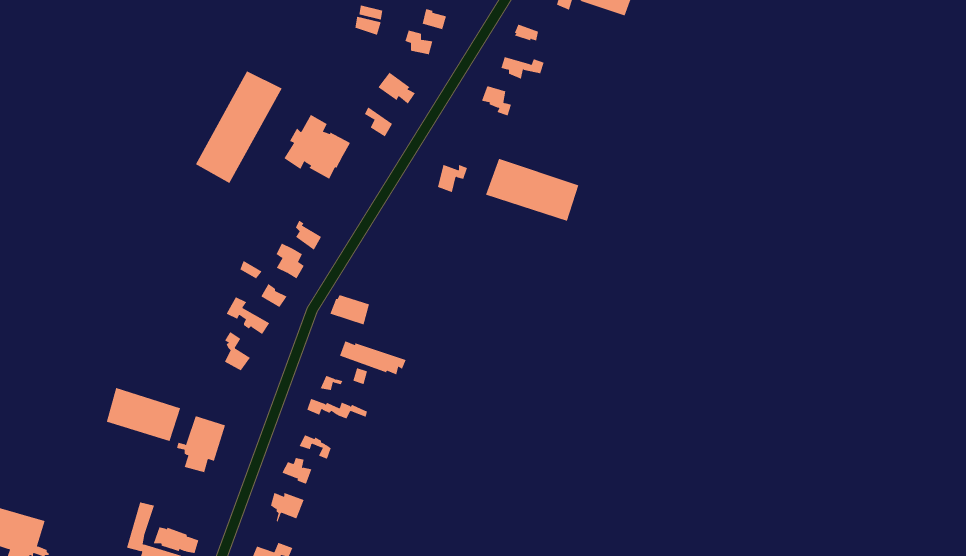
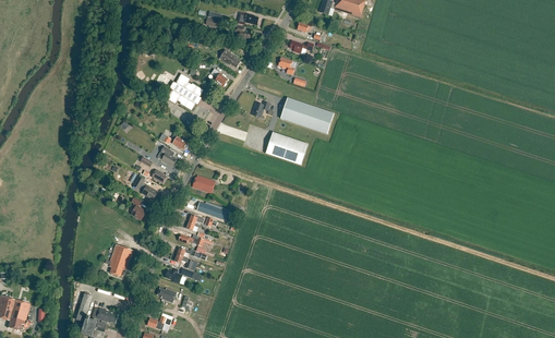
building: [195,70,283,184] -> none
building: none -> [265,132,307,165]
building: [106,387,181,442] -> none

